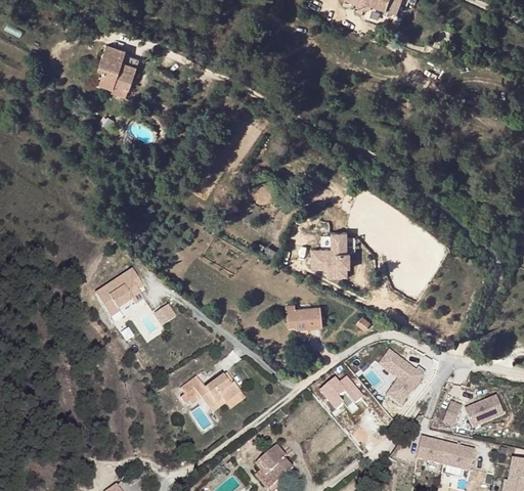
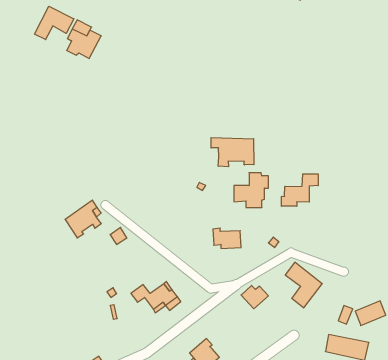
building: none -> [35,6,74,40]
building: none -> [211,138,254,167]
building: none -> [281,174,318,206]

